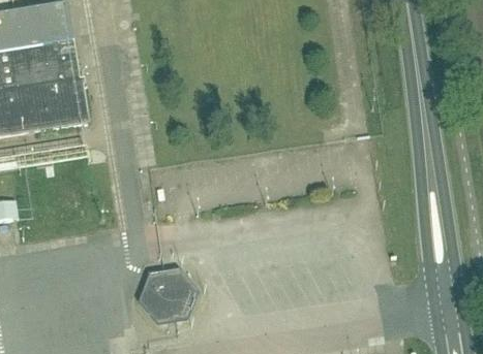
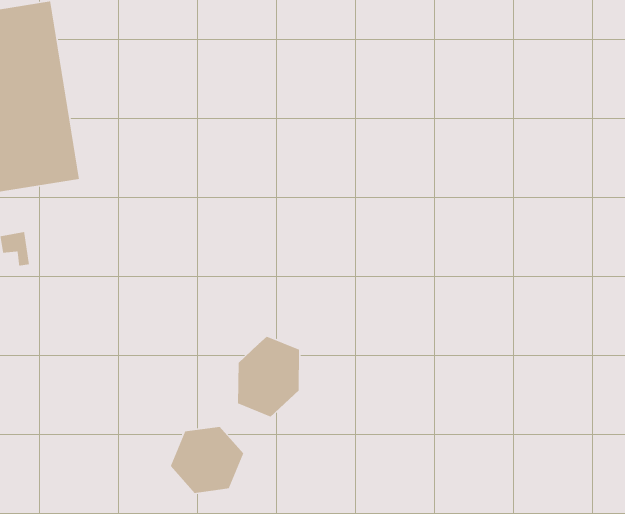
building: none -> [237,336,300,417]

